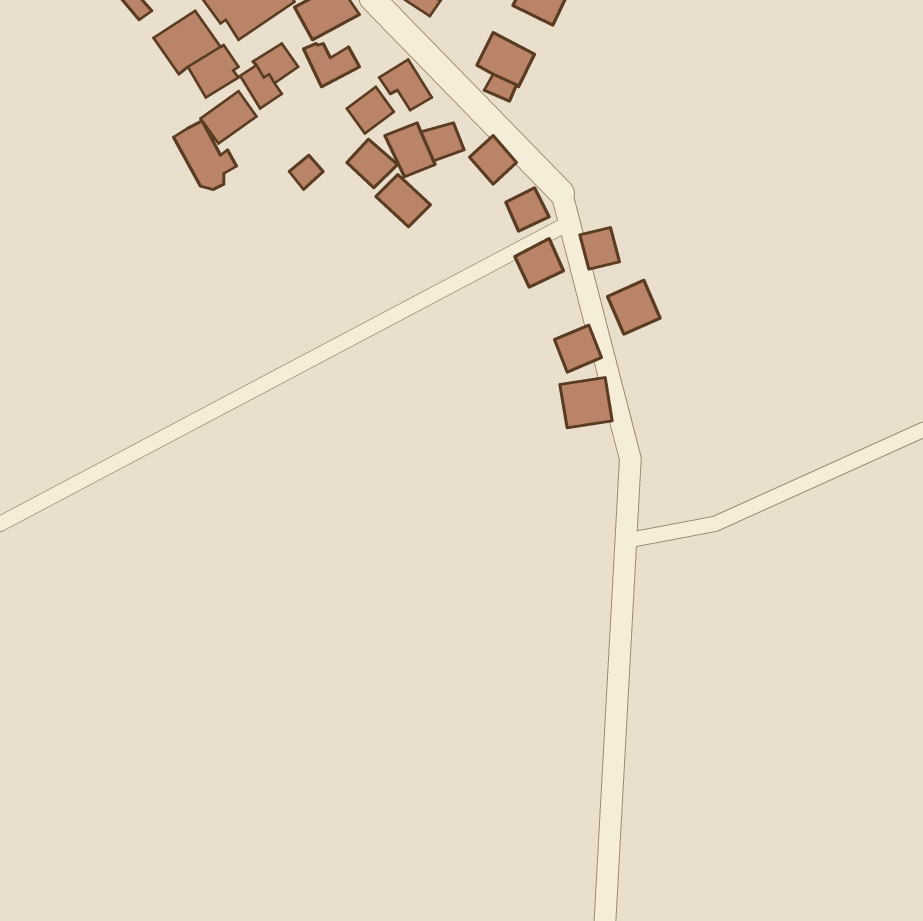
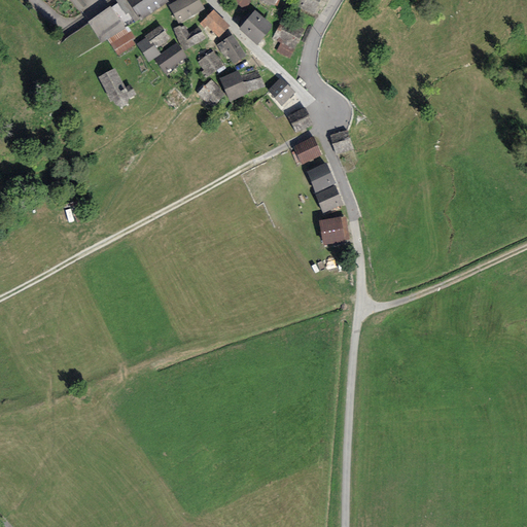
building: none -> [200,9,230,36]
building: none -> [239,9,274,44]
building: [200,91,256,144] -> [154,42,186,72]
building: [376,175,431,227] -> none
building: [608,280,660,334] -> [306,162,336,192]

